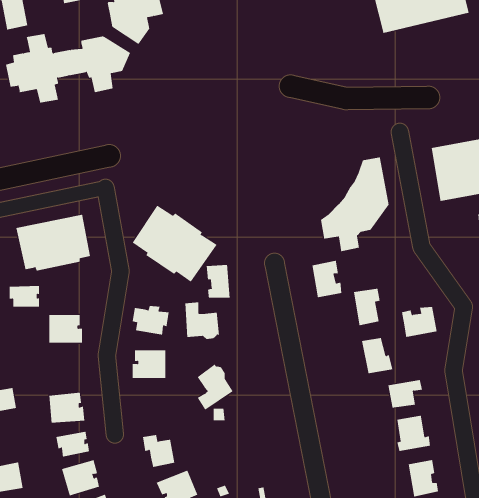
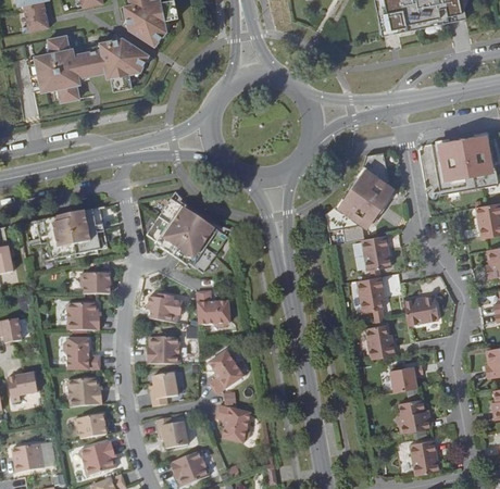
building: [311,260,342,298] -> [362,235,391,271]
building: [206,264,230,299] -> none
building: [9,285,40,307] -> [80,272,110,292]
building: none -> [64,337,100,368]
building: none -> [150,372,178,405]
building: none -> [216,404,251,442]

